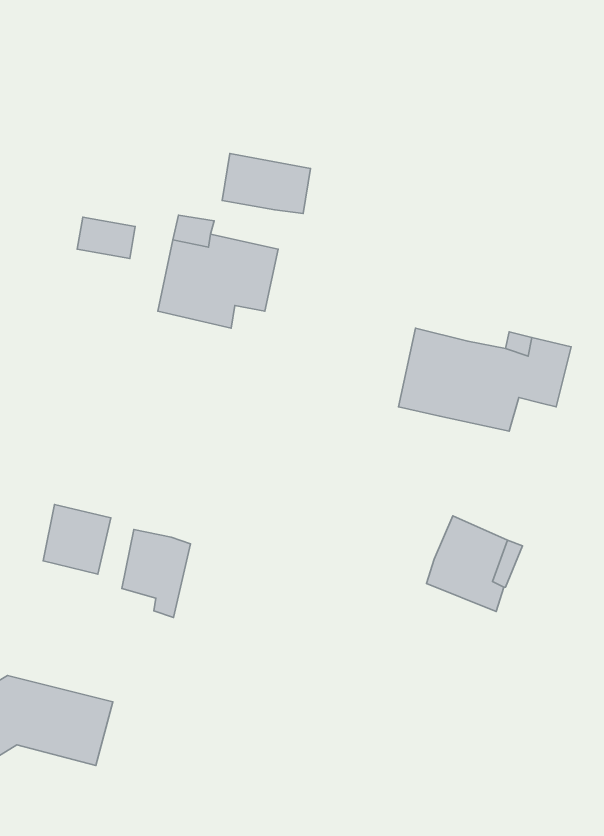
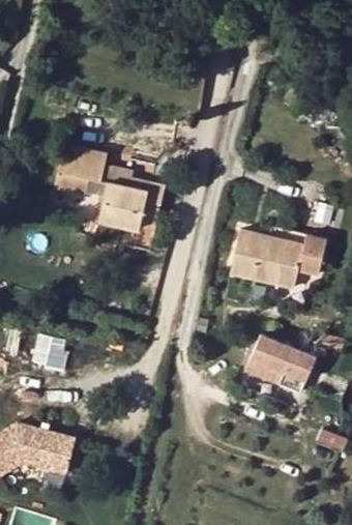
building: [222,154,311,214] -> [57,145,106,178]
building: [122,530,191,618] -> none

